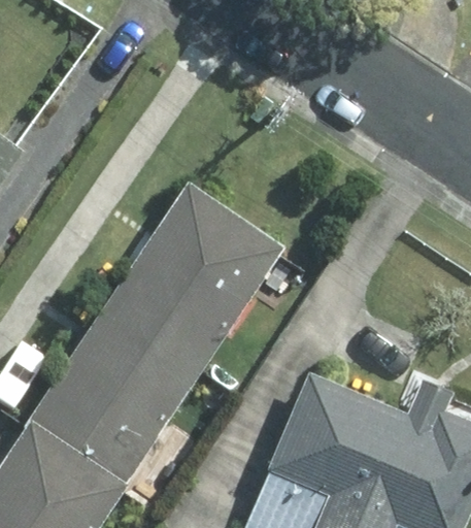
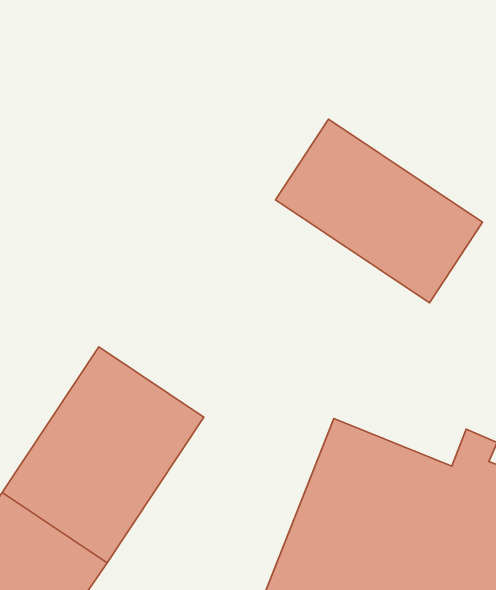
building: none -> [275,119,483,303]
building: [105,185,280,371] -> none

